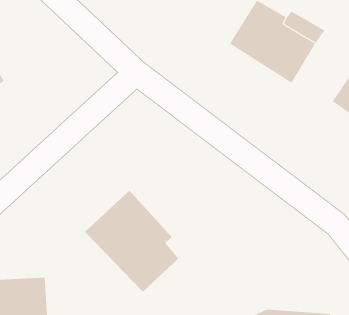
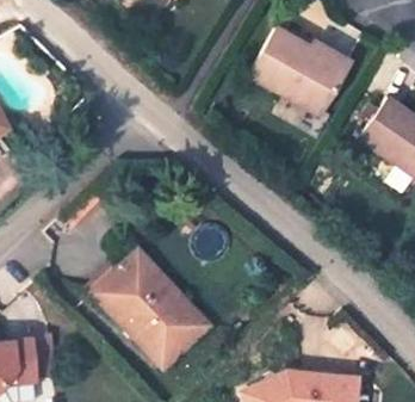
building: none -> [155,292,211,361]

